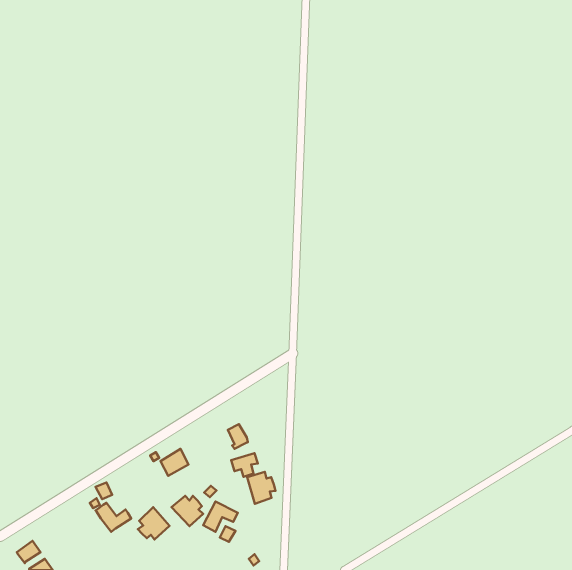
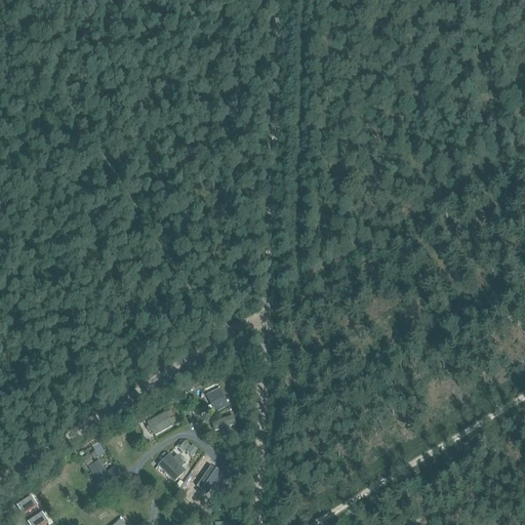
building: [247,472,276,504] -> none
building: [138,507,170,540] -> none

